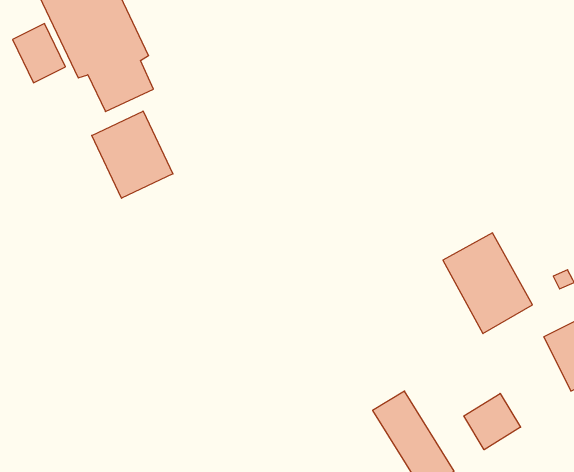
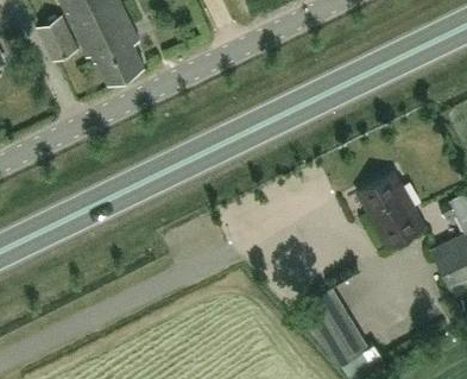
building: [92,111,173,198] -> none
building: [464,393,521,450] -> none

